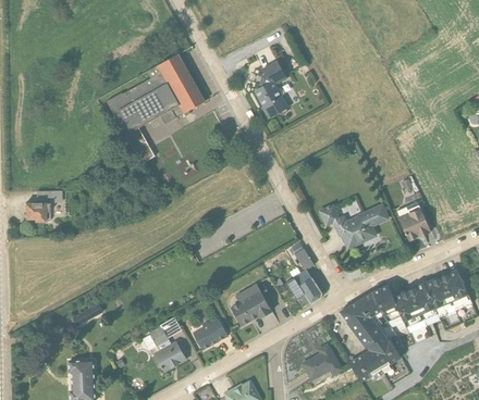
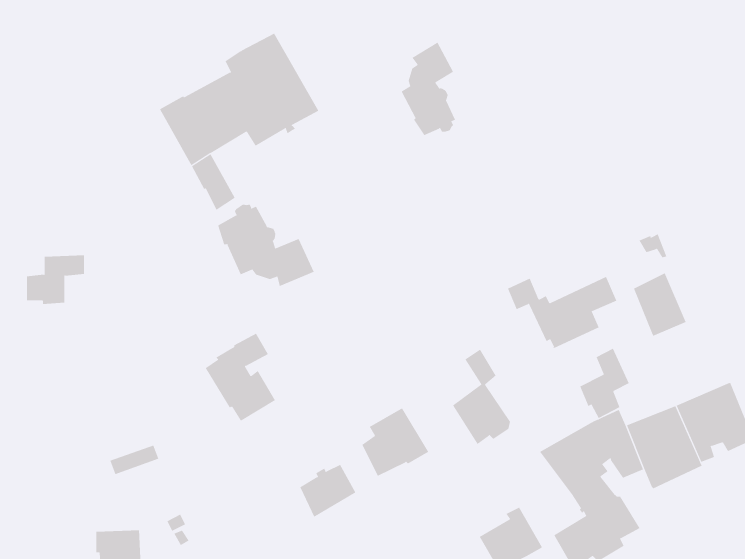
building: none -> [217,204,314,287]
building: none -> [580,348,630,419]
building: [143,317,186,372] -> [205,333,276,422]

